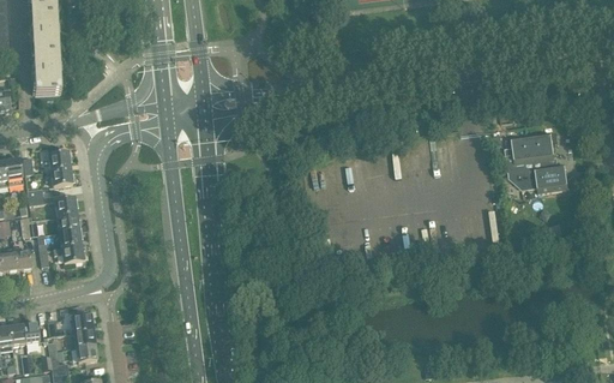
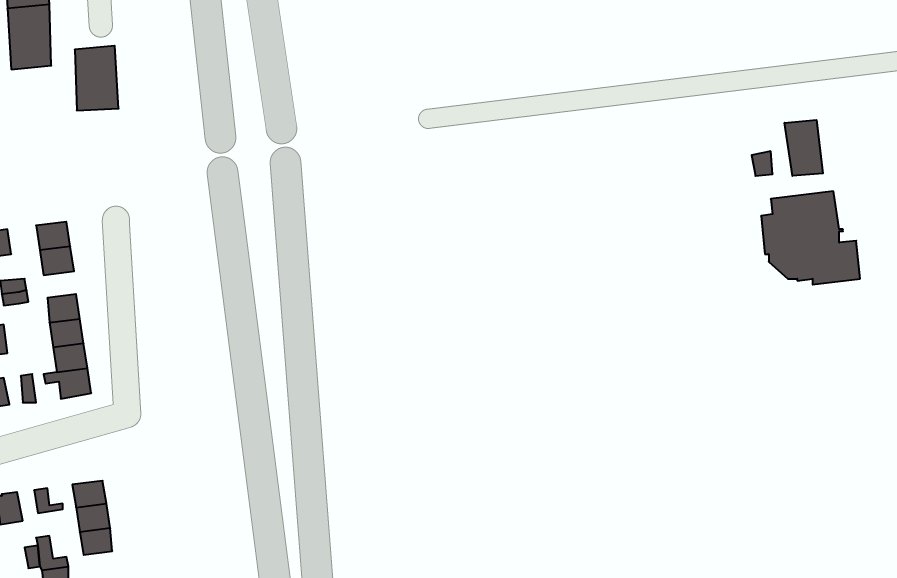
building: [34,53,61,94] -> [75,46,119,110]
building: none -> [785,120,823,176]

